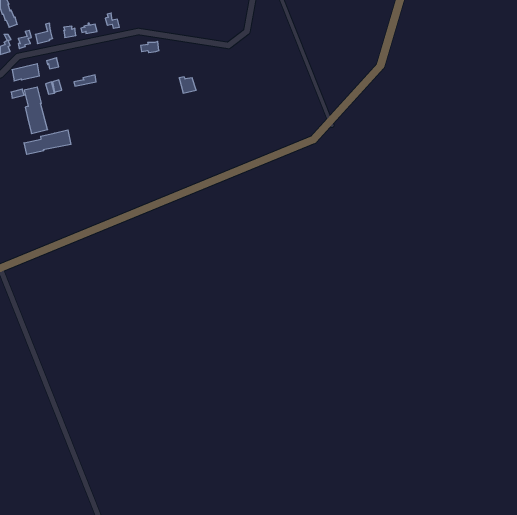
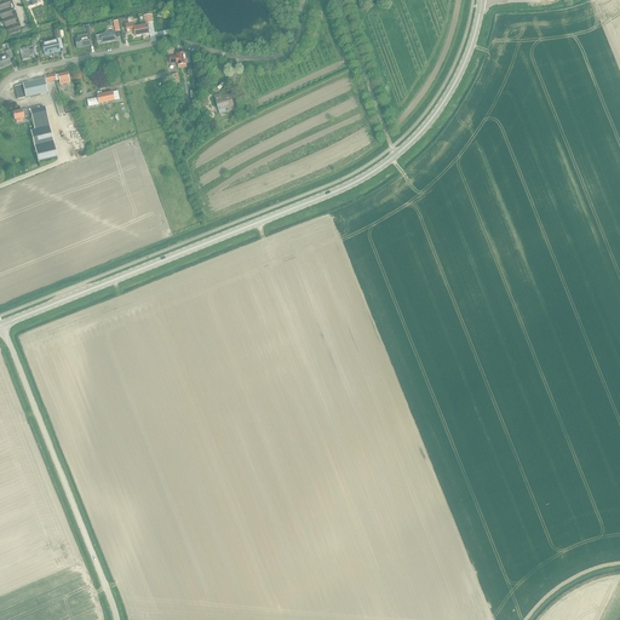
building: [24,130,71,154] -> none

